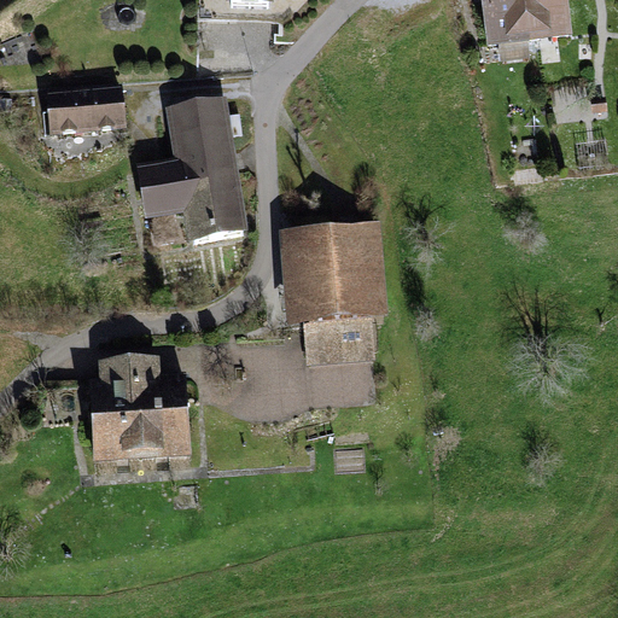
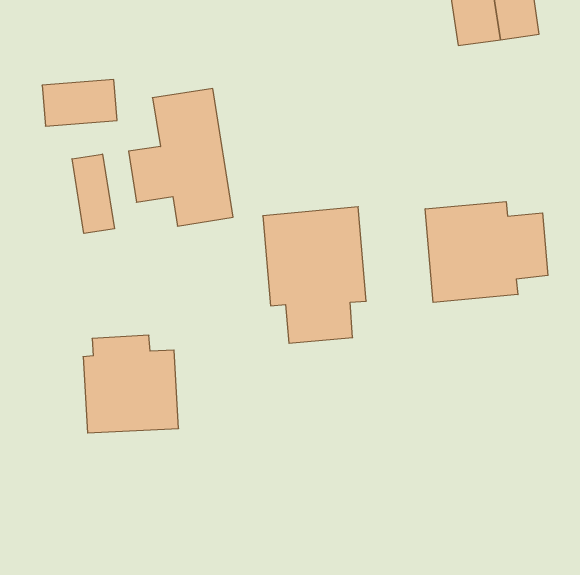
building: none -> [72,154,114,233]
building: none -> [425,202,548,302]

